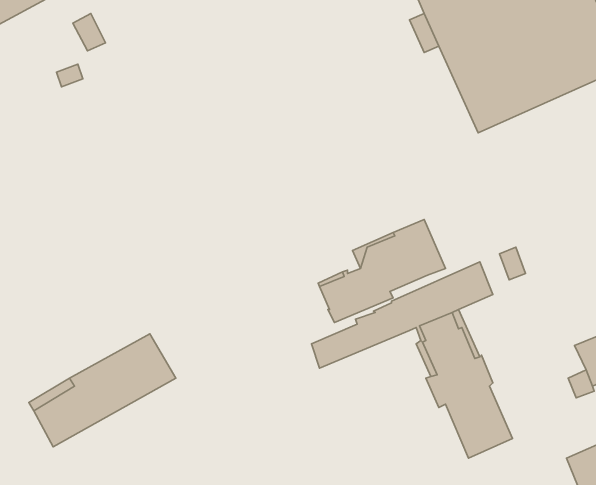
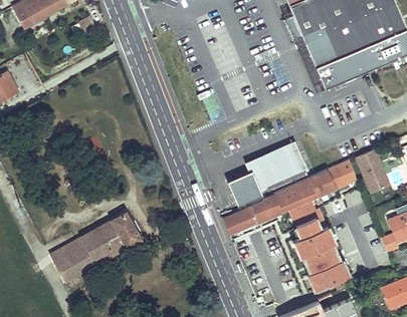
building: none -> [354,146,391,193]

